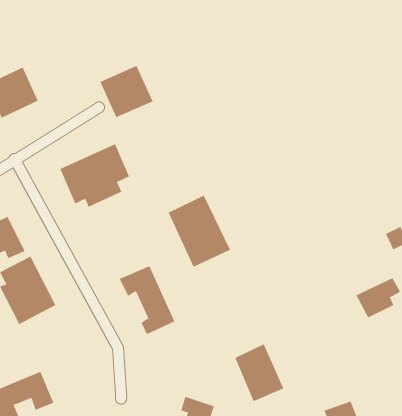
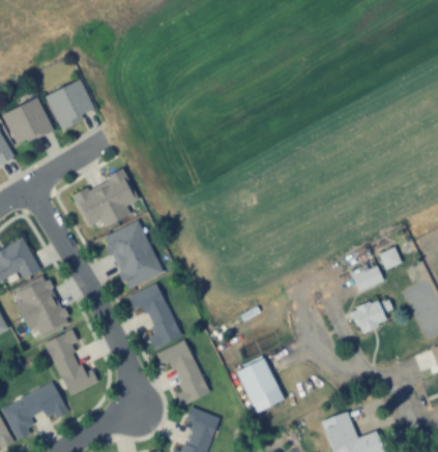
building: [99,65,153,118] -> [46,80,96,129]
building: [168,195,231,267] -> [104,221,163,290]
building: none -> [350,262,385,293]
building: none -> [46,331,97,395]
building: none -> [156,341,209,405]

